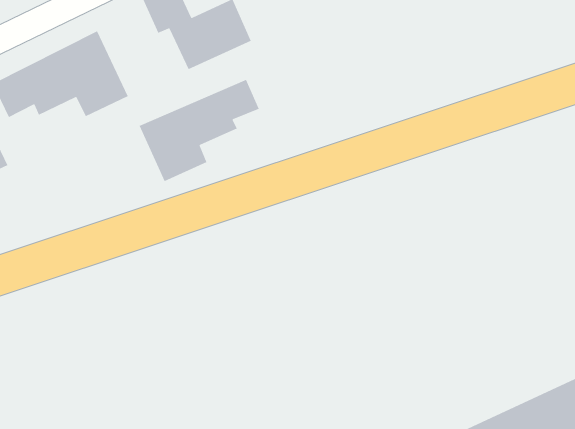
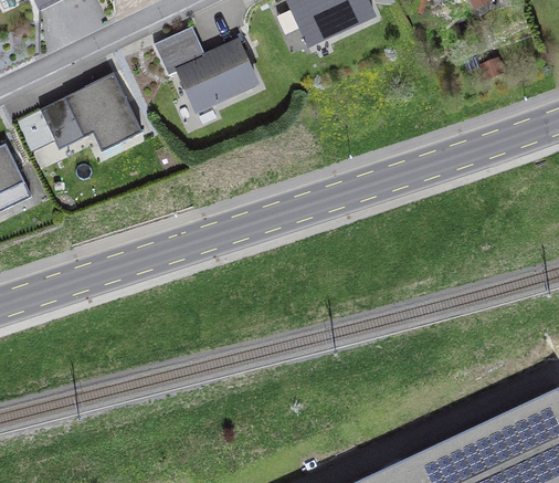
building: [138,79,260,182] -> none

